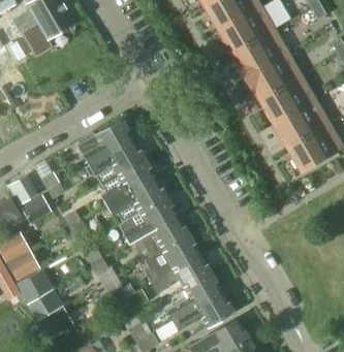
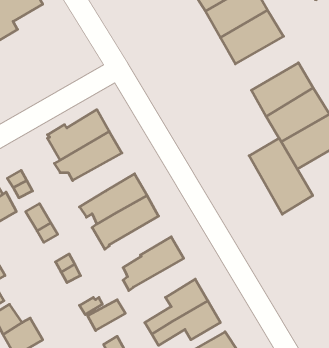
building: [247,53,304,101] -> none
building: none -> [249,138,313,214]
building: [99,158,156,206] -> none
building: [133,215,189,251] -> none
building: [155,253,211,289] -> none

